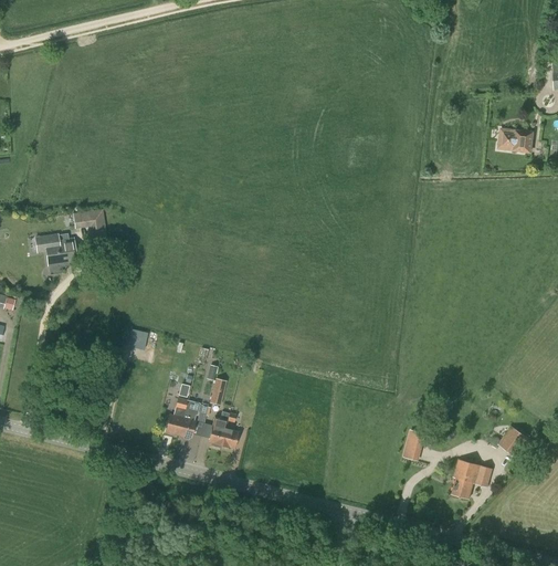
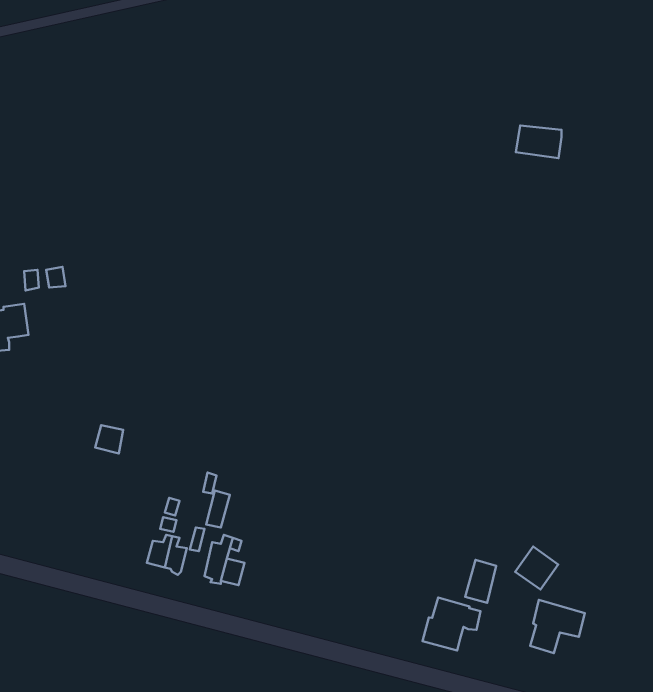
building: [496,128,530,153] -> [516,125,562,158]
building: [496,426,528,458] -> [515,547,558,590]
building: none -> [423,598,481,651]

